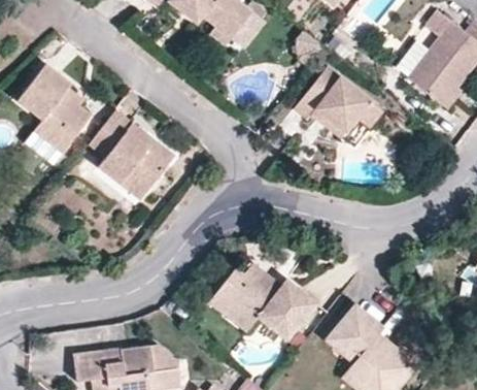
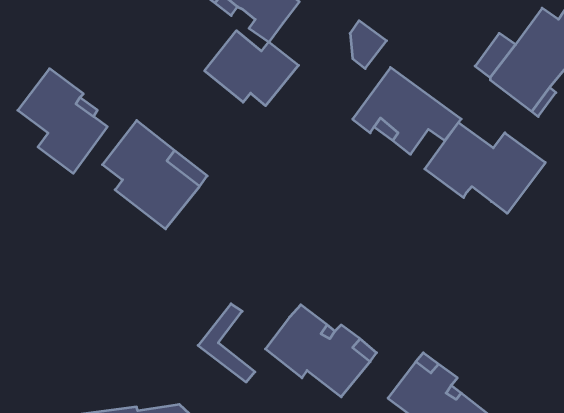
building: none -> [205,31,299,106]
building: none -> [425,122,545,213]
building: [208,268,254,332] -> [198,304,255,382]

